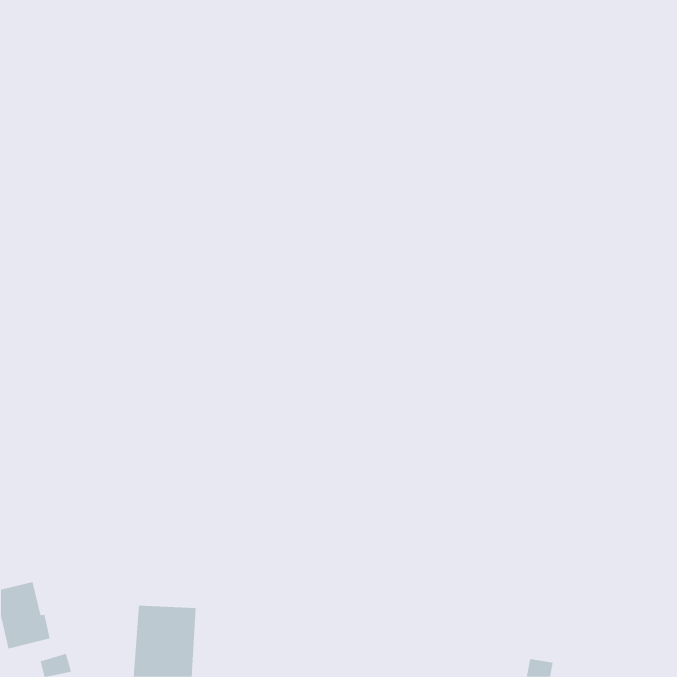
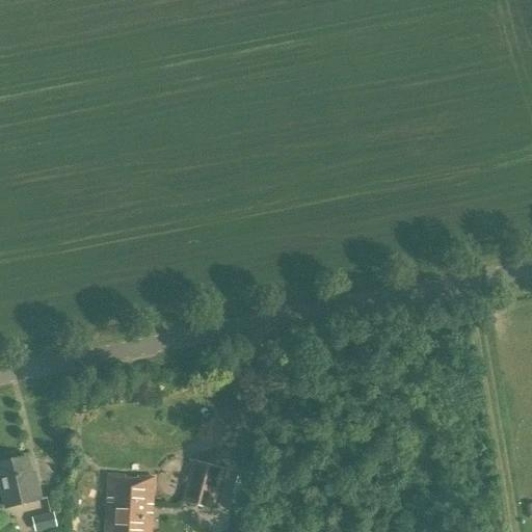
building: none -> [182,459,225,510]

